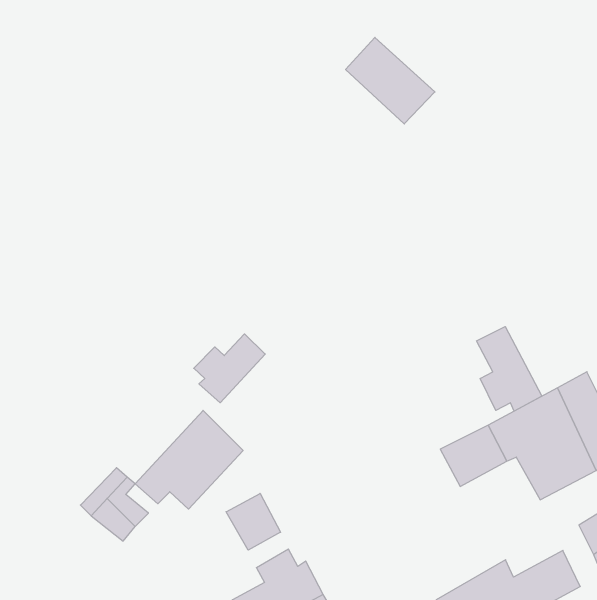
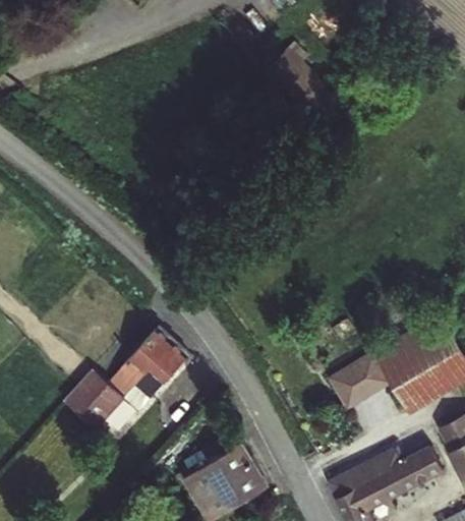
building: [477,327,542,411] -> none
building: [194,334,265,403] -> none
building: [226,493,281,550] -> none

